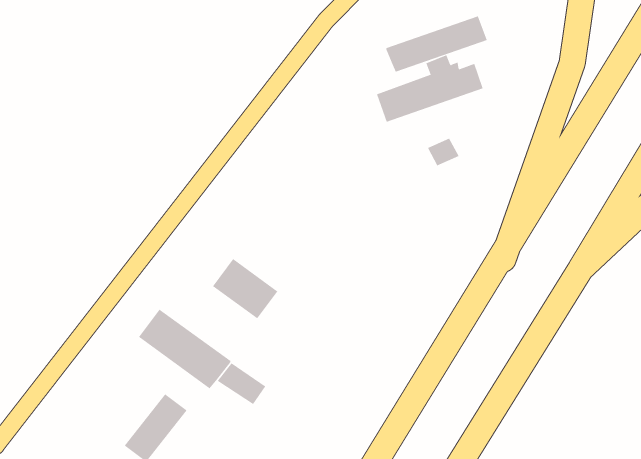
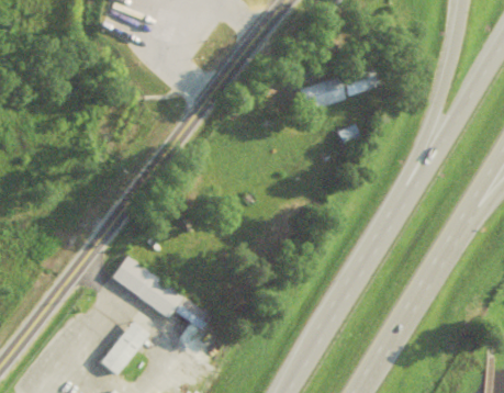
building: [386,16,487,72] -> none
building: [212,258,278,319] -> none

